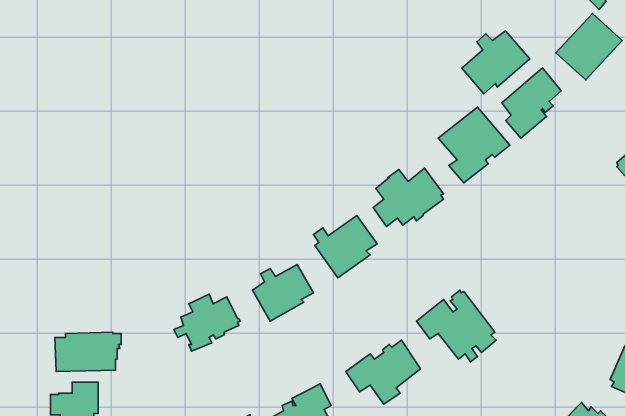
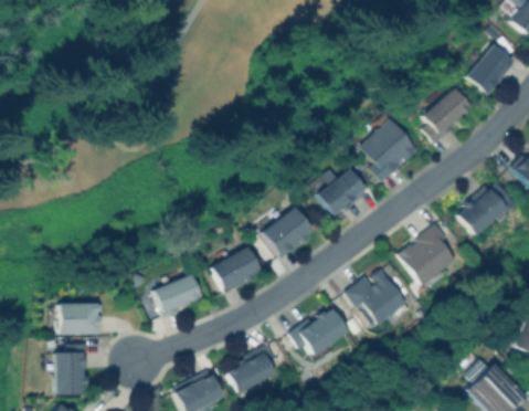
building: [462,31,530,94] -> none
building: none -> [453,187,504,236]
building: none -> [398,224,456,292]

